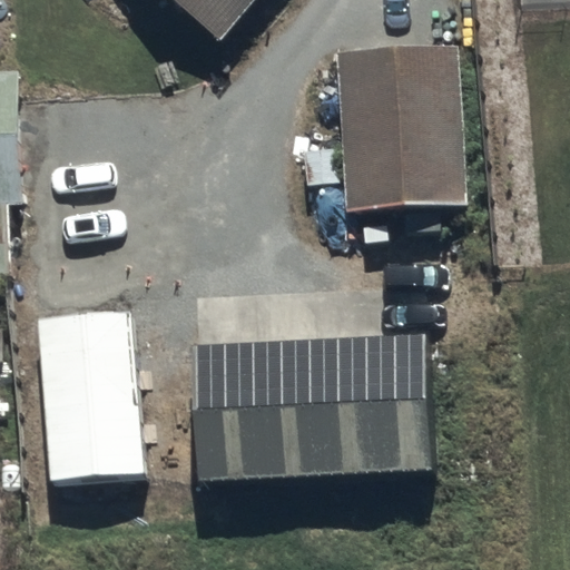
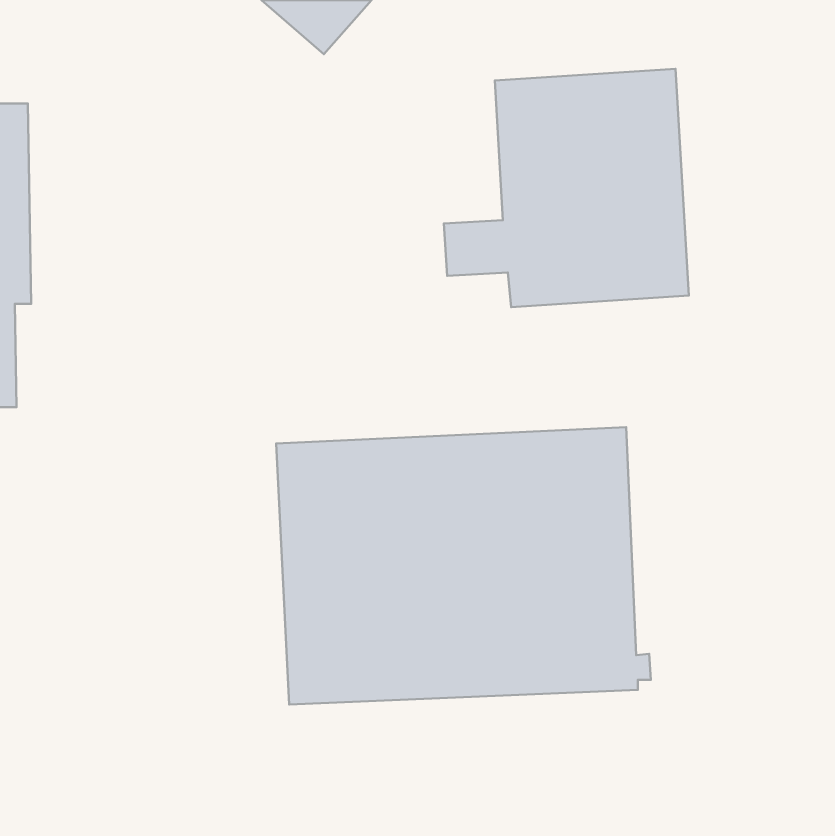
building: [36,317,144,488] -> none

